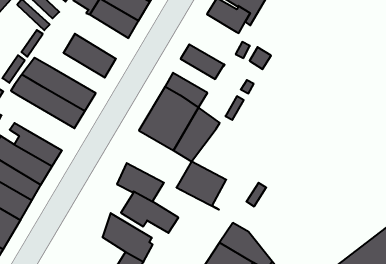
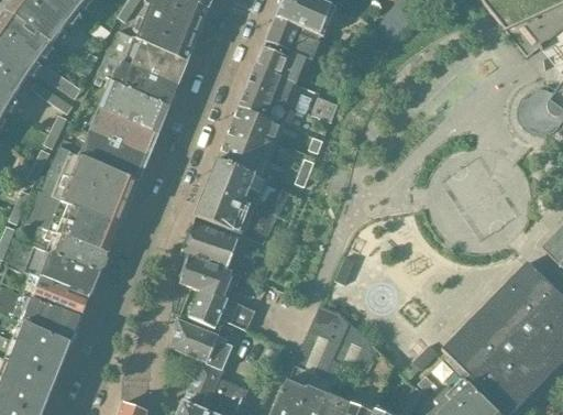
building: none -> [103,86,167,134]
building: none -> [240,66,292,122]
building: none -> [86,136,146,178]
building: none -> [225,123,276,159]
building: none -> [37,195,120,252]
building: [176,162,226,210] -> [180,220,238,272]

